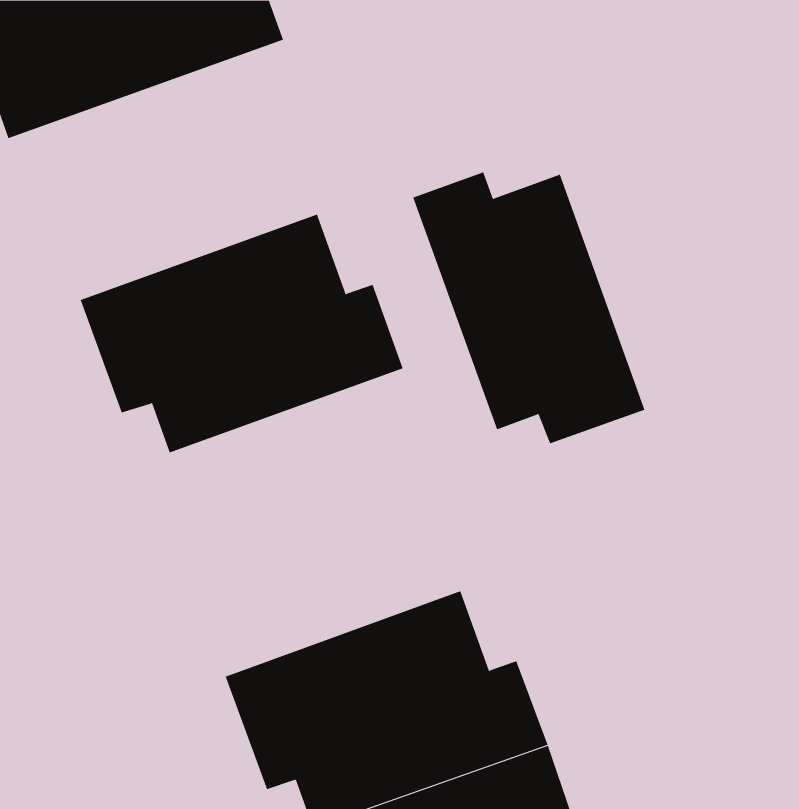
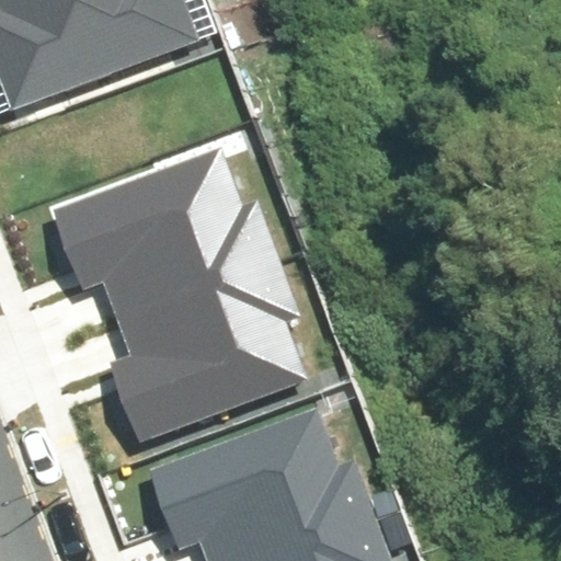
building: [413,171,645,444] -> none
building: none -> [110,257,300,436]

